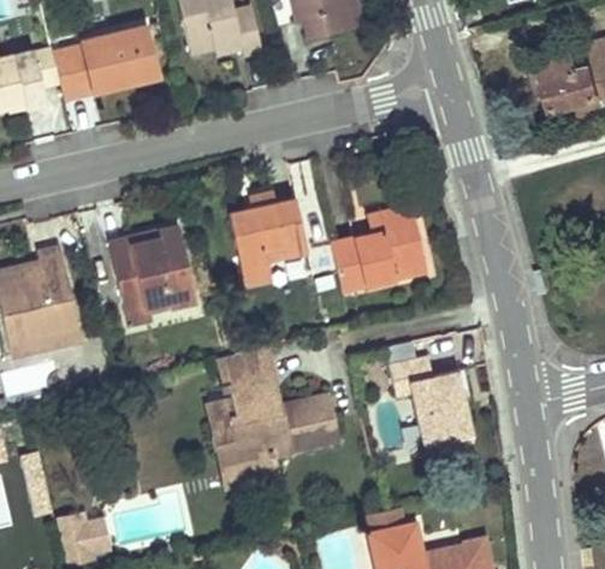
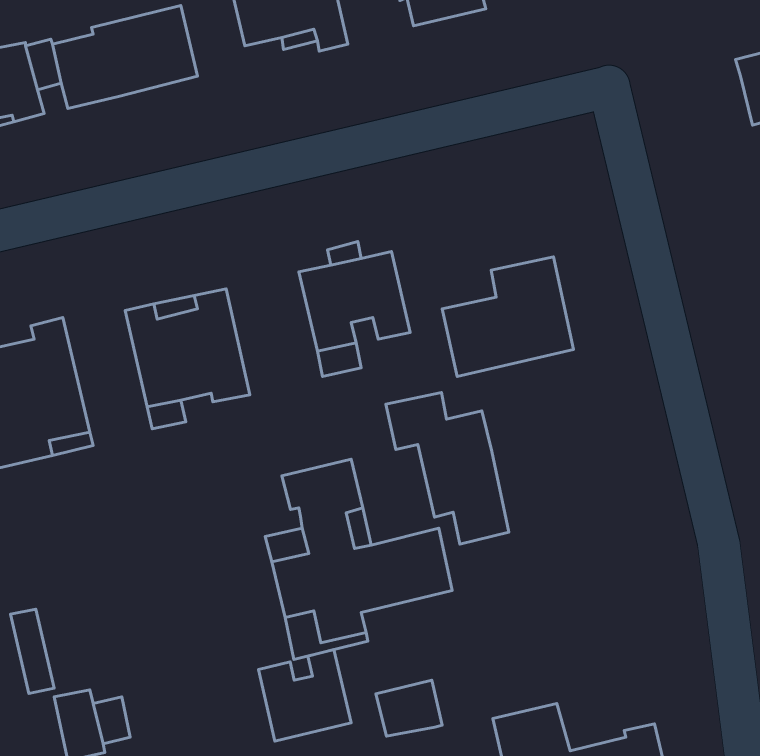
building: [391,356,479,464] -> [386,392,509,544]
building: none -> [258,650,351,741]
building: none -> [376,680,442,736]

